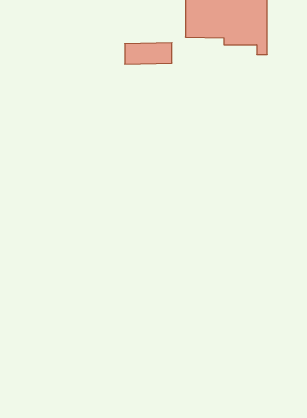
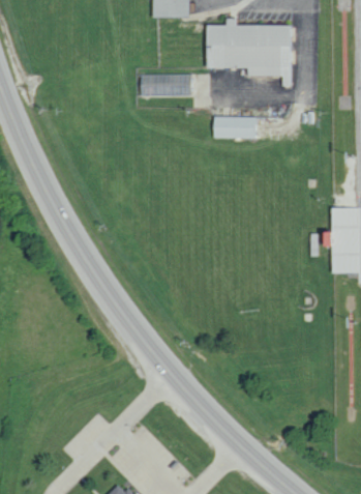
building: none -> [214,116,258,138]

